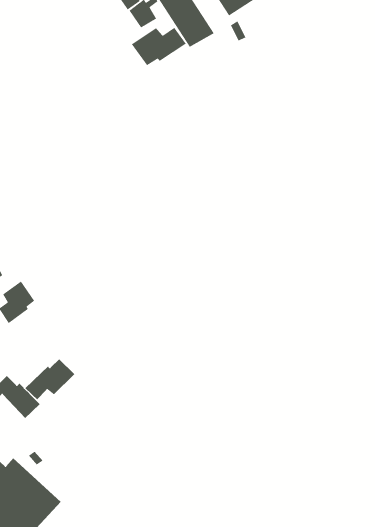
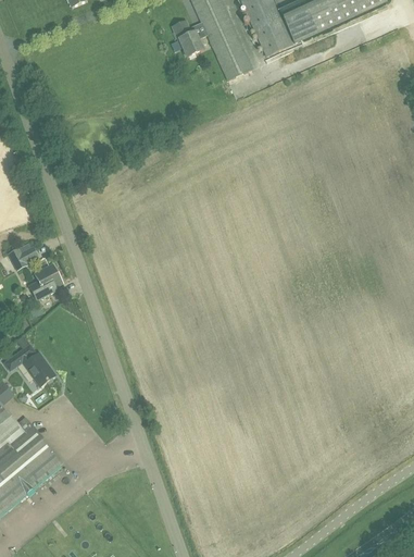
building: [131,27,187,66] -> none
building: [25,359,75,400] -> none

